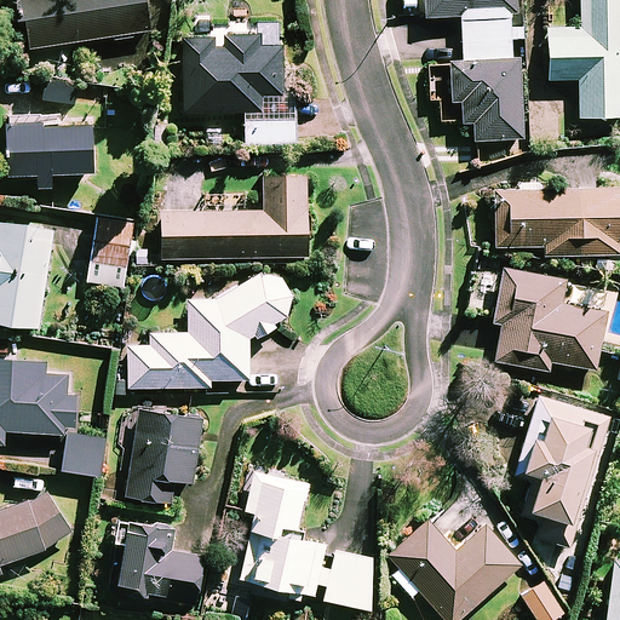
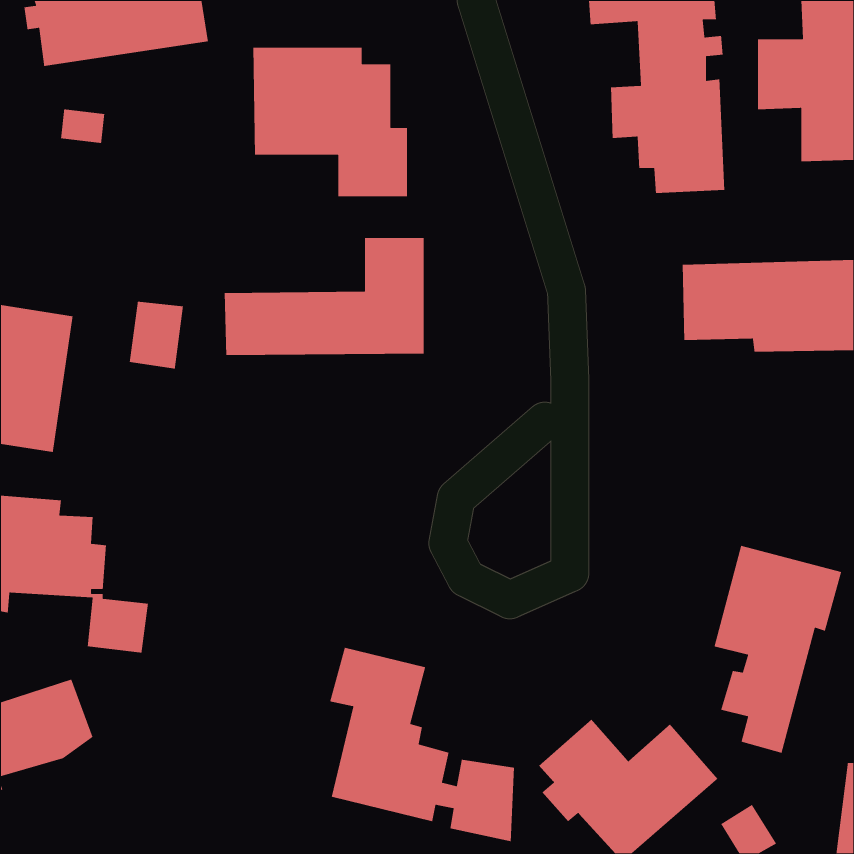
building: [7,111,94,188] -> none
building: [493,268,607,371] -> none
building: [128,277,287,388] -> none
building: [127,409,203,503] -> none
building: [110,519,203,602] -> none

